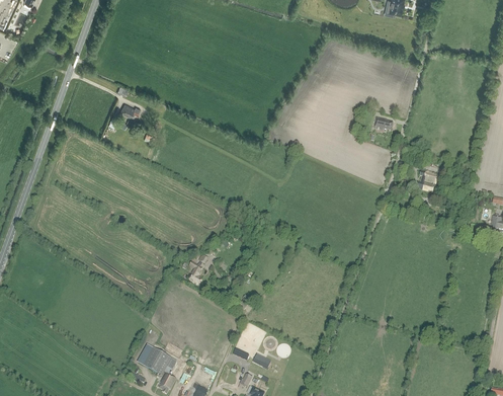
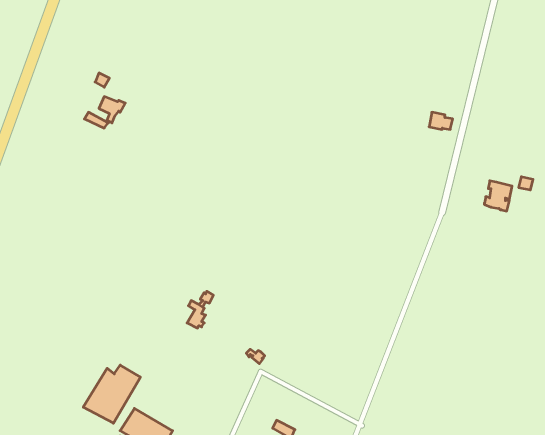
building: none -> [83,365,140,423]

